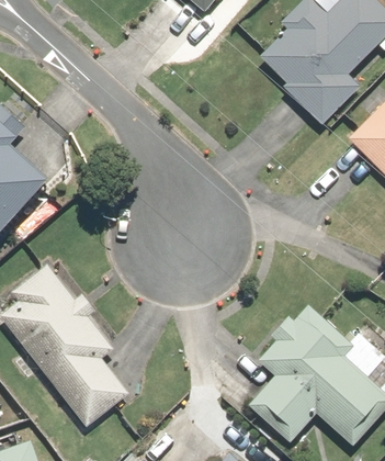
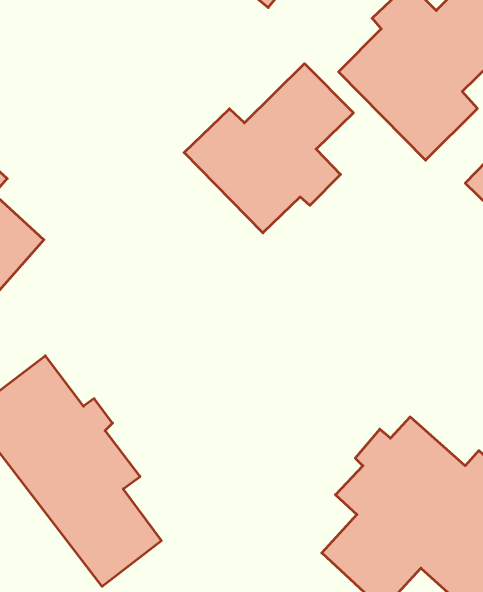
building: none -> [184,64,353,233]

